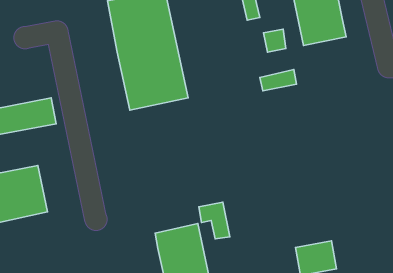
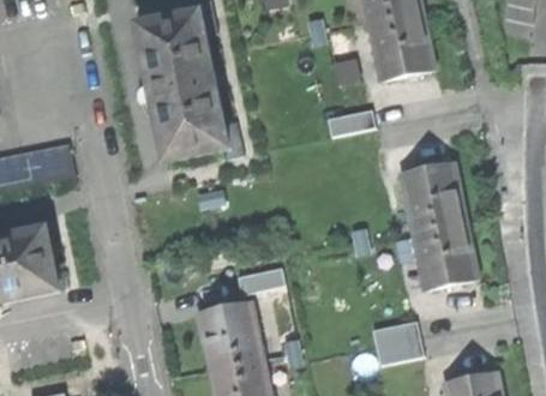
building: none -> [398,161,475,288]

